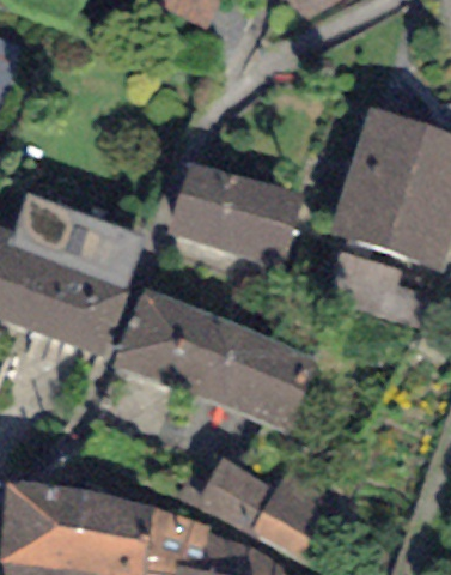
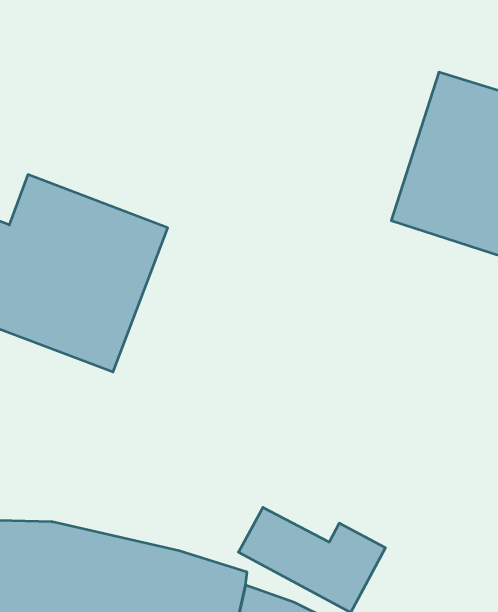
building: [167,162,301,266] -> none
building: [114,286,313,434] -> none

